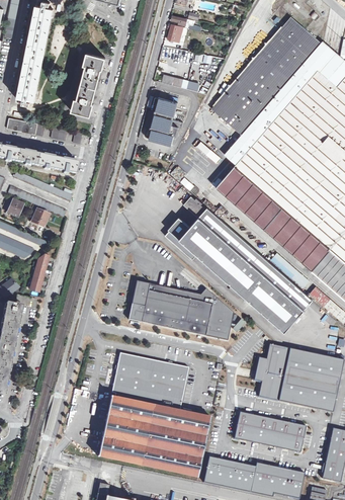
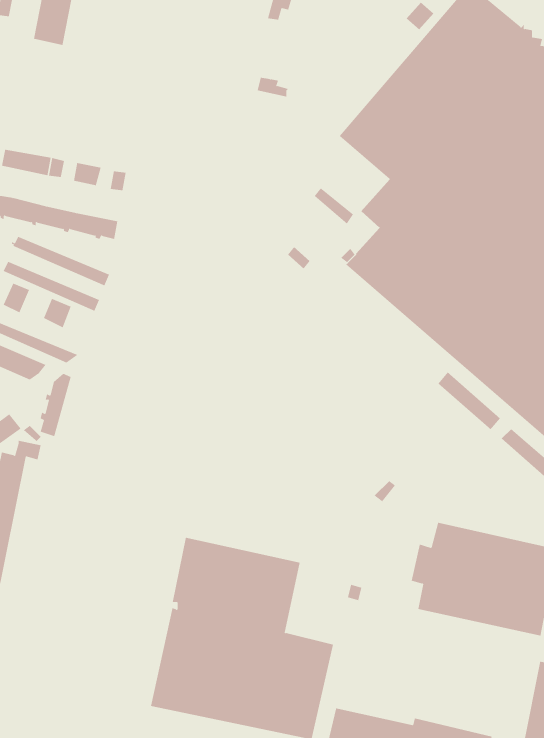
building: [17,51,45,105] -> none
building: [72,53,106,115] -> none
building: [147,97,183,145] -> none
building: [164,195,312,331] -> none
building: [125,278,234,339] -> none
building: [235,411,307,451] -> none

